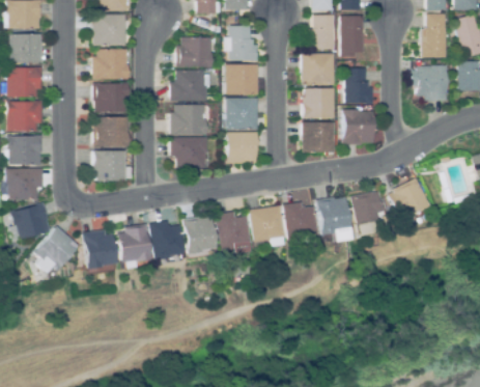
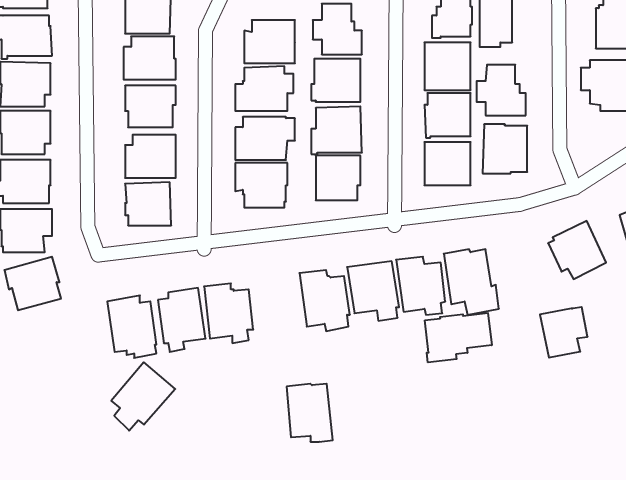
building: [350,191,384,226] -> [540,307,588,358]
building: [183,217,216,257] -> [287,384,333,442]
building: [33,226,78,274] -> [111,362,175,431]
building: none -> [425,313,492,362]

